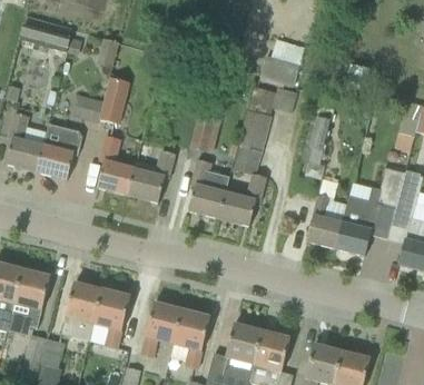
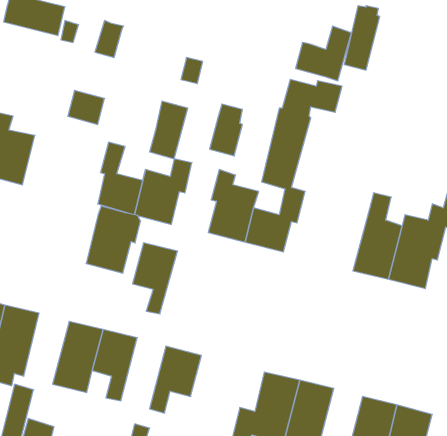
building: [99,77,130,124] -> [150,101,188,159]
building: [300,111,329,164] -> [344,6,380,70]
building: [37,125,81,179] -> [86,206,141,273]
building: [174,310,210,368] -> [133,243,178,314]

